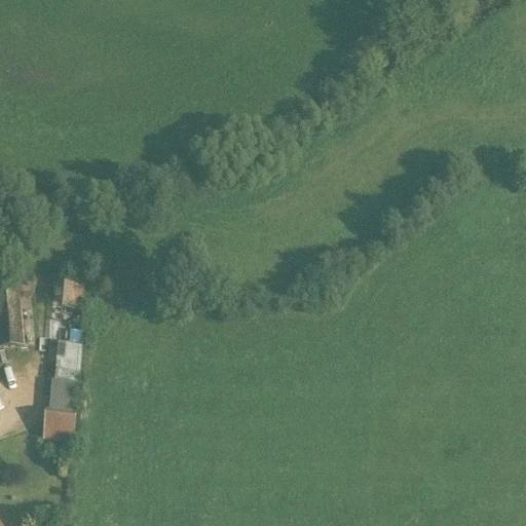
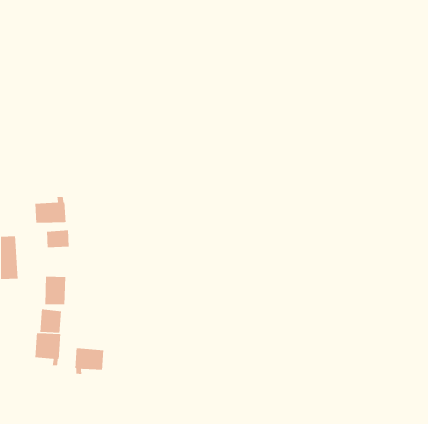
building: none -> [35,196,66,224]
building: none -> [74,348,104,375]

